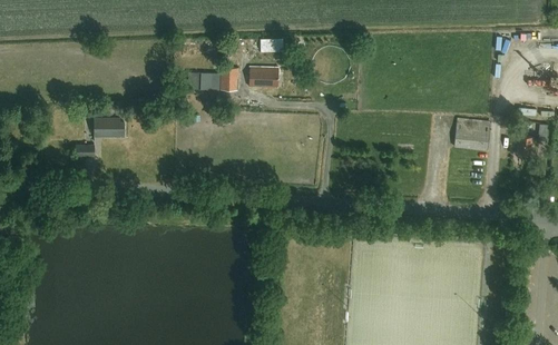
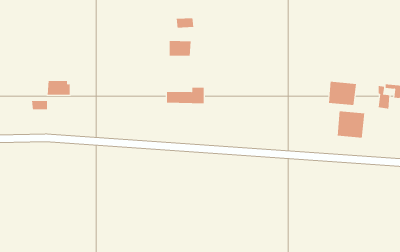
building: [189,68,238,89] -> [166,87,205,104]
building: none -> [337,110,365,138]

